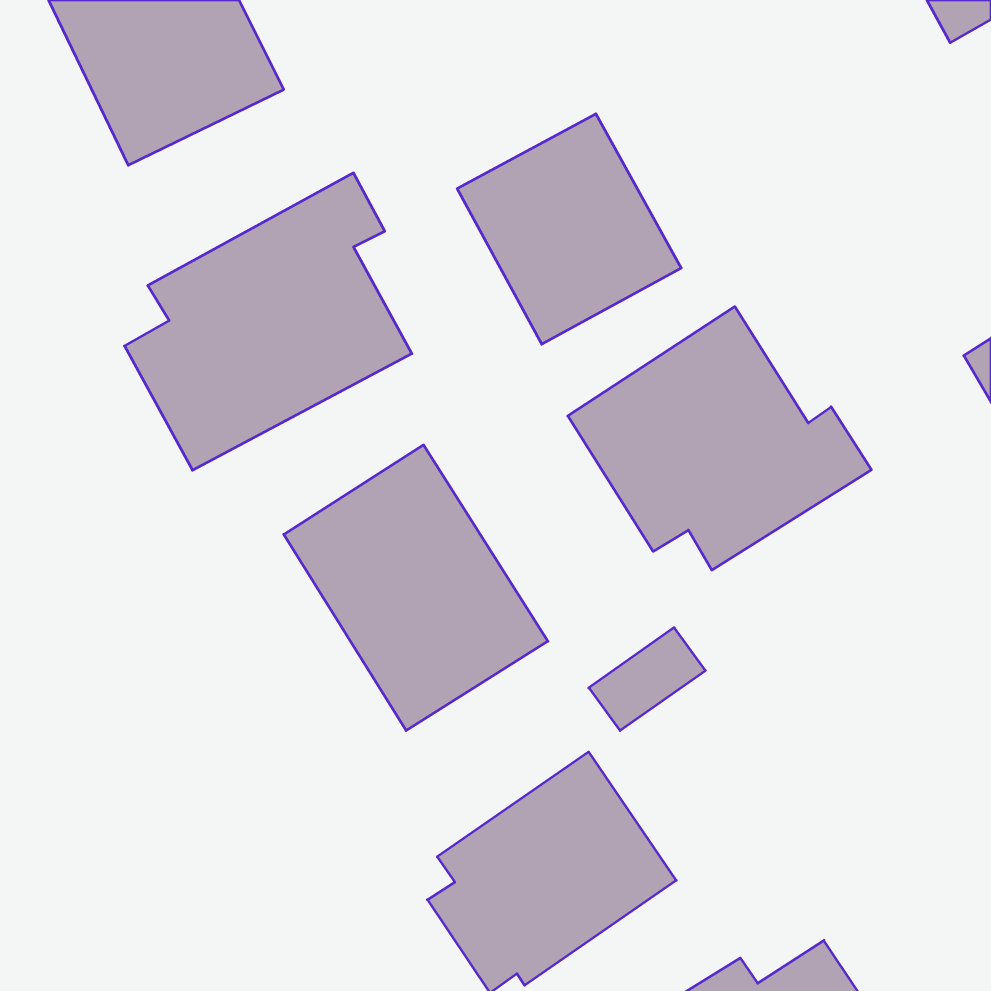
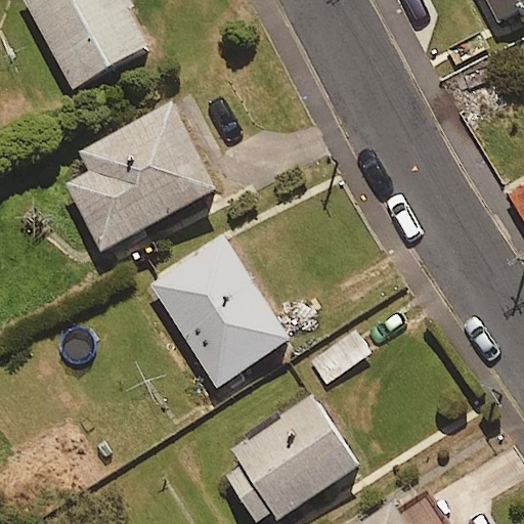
building: [457,114,681,344] -> none
building: [568,307,871,570] -> none

